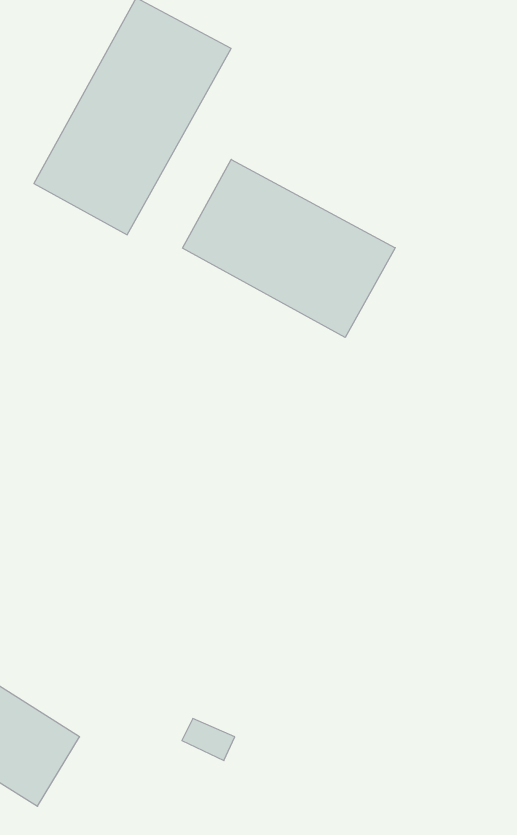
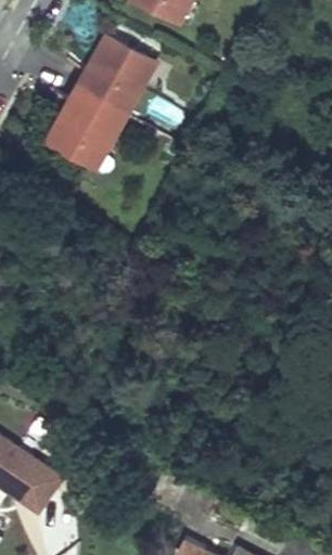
building: [183,159,395,337] -> none

